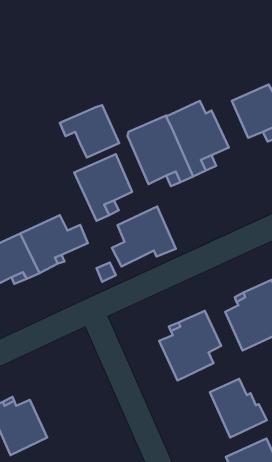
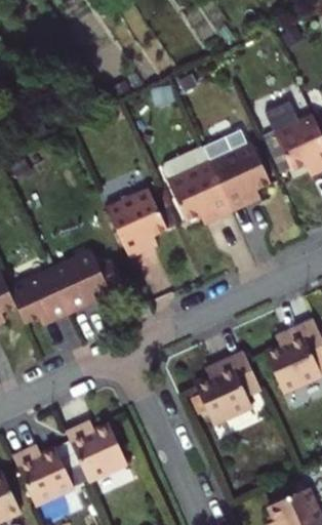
building: [60,105,119,158] -> none
building: [112,206,176,266] -> none
building: none -> [66,423,127,482]
building: [210,379,267,438] -> none

